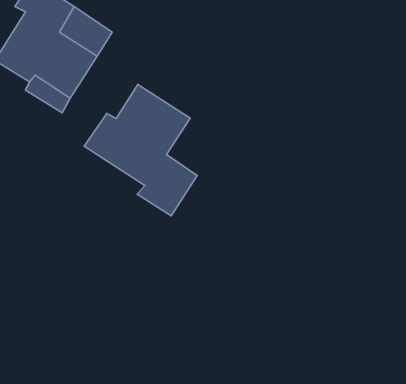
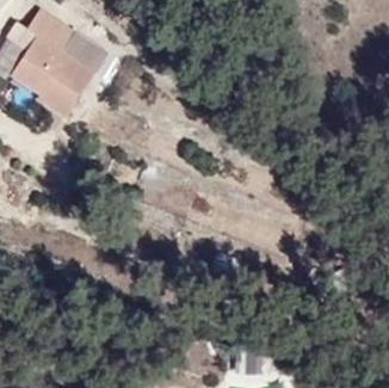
building: [84,84,197,216] -> none

